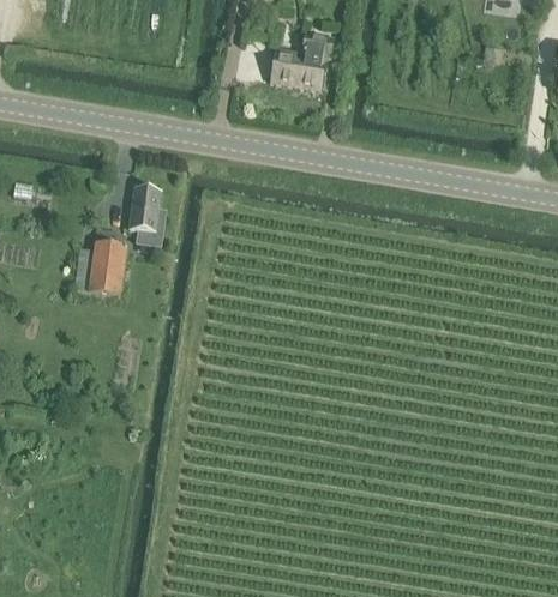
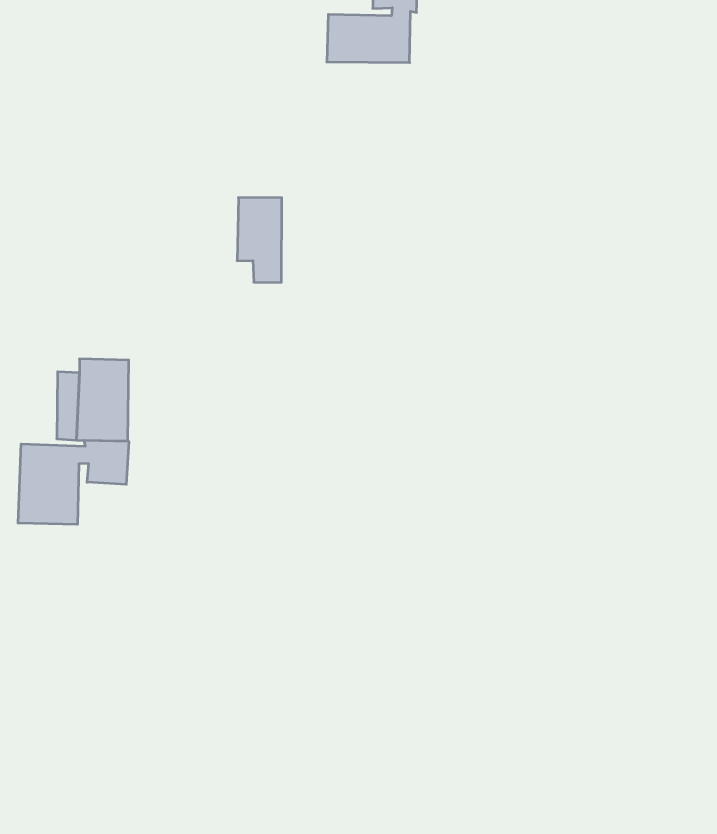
building: [128,186,161,241] -> [237,198,282,282]
building: none -> [18,440,129,524]

